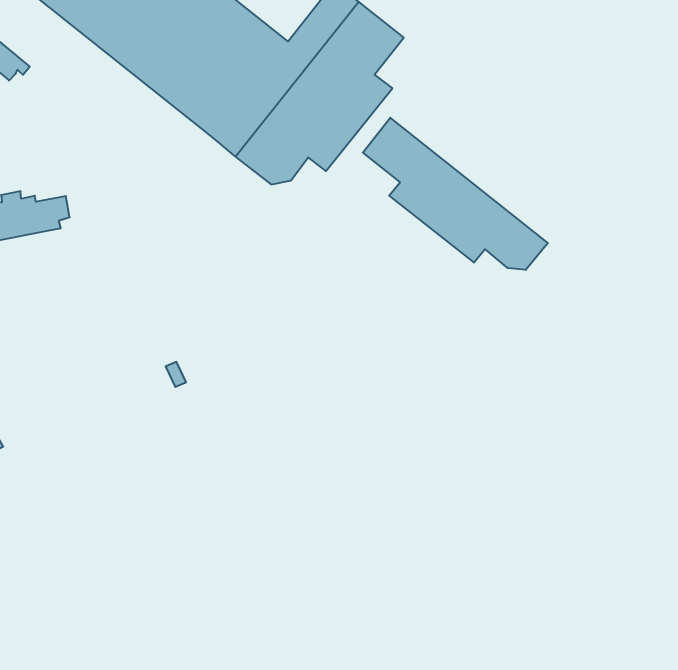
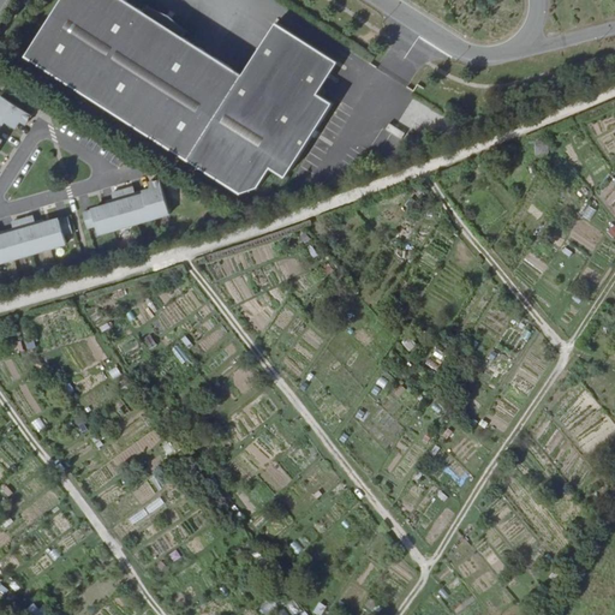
building: [363,118,548,270] -> none
building: none -> [83,180,169,237]

